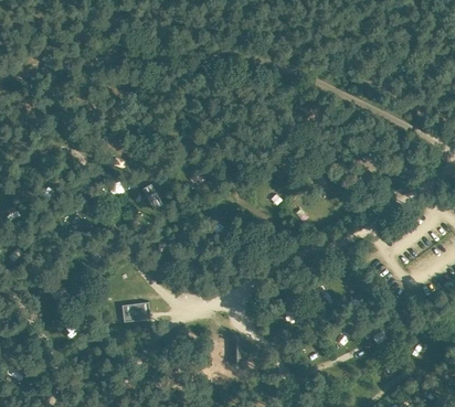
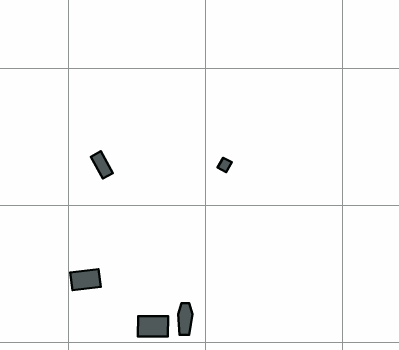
building: none -> [138,316,168,337]

